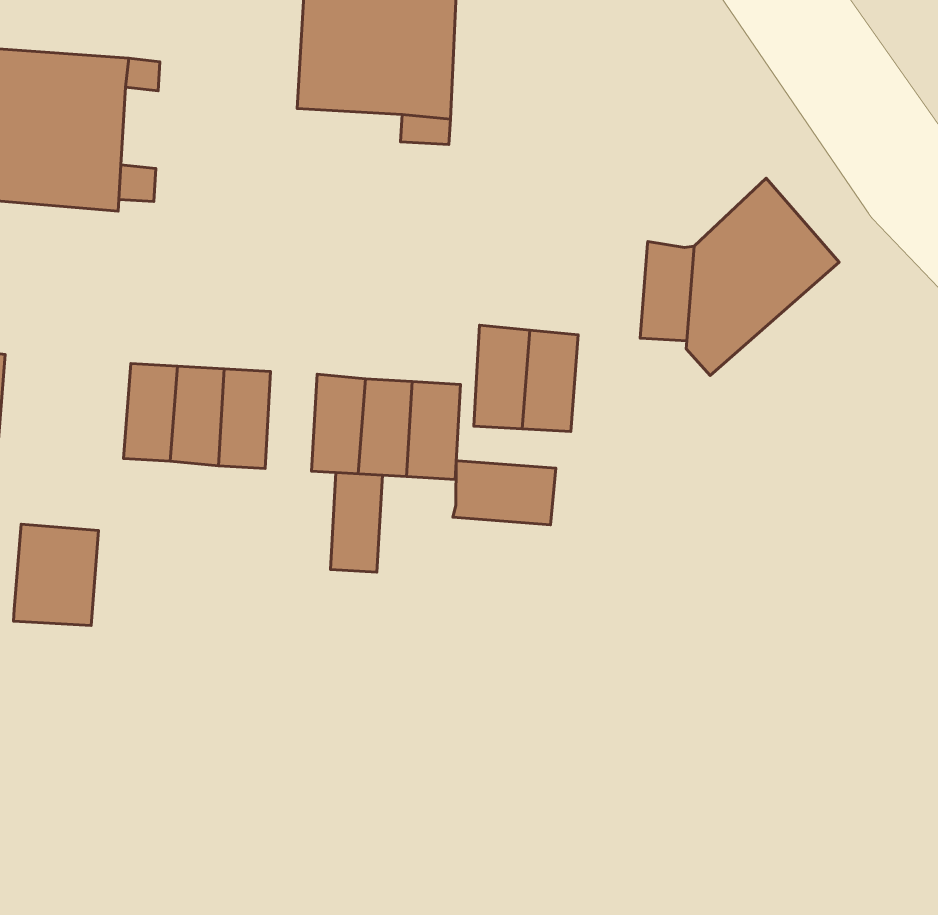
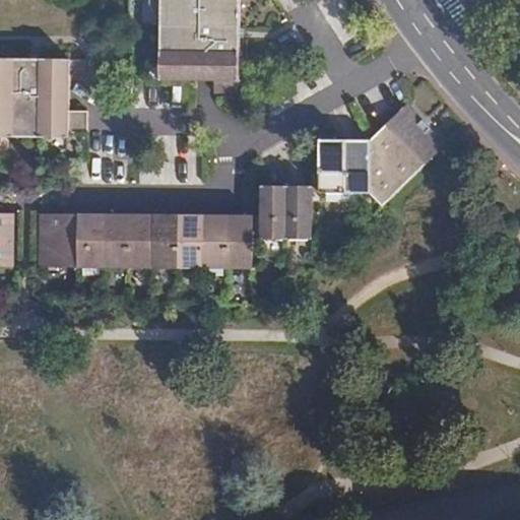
building: none -> [312,136,345,187]
building: [453,460,556,525] -> none
building: [330,473,382,572] -> [152,215,177,266]
building: [14,524,99,625] -> [38,214,79,265]

